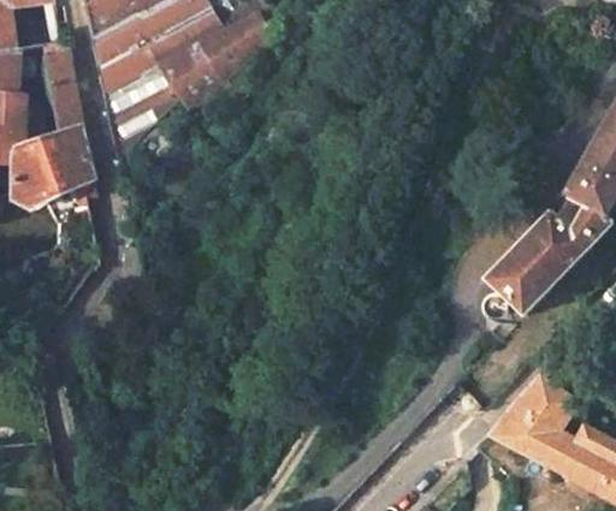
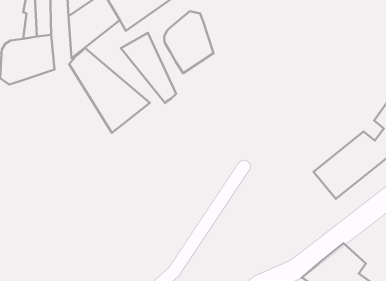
building: none -> [164,11,214,73]
building: none -> [121,33,176,103]
building: none -> [69,48,150,133]

